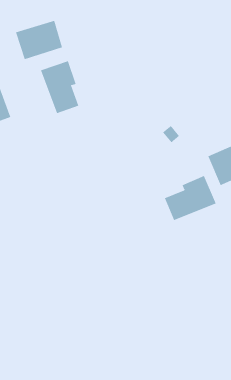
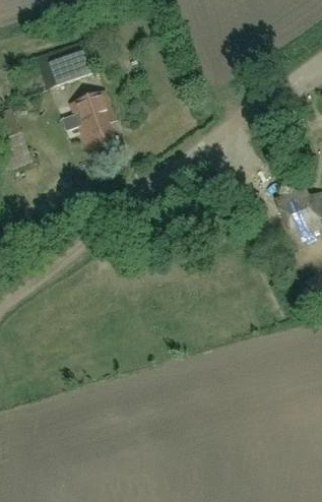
building: [164,175,217,221] -> none

